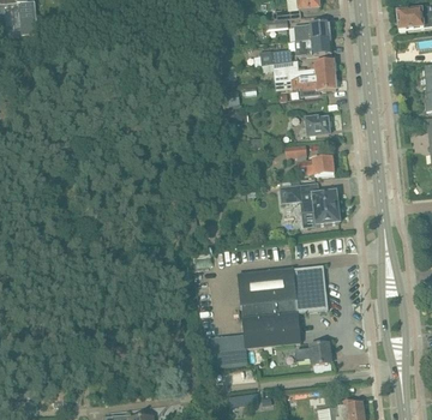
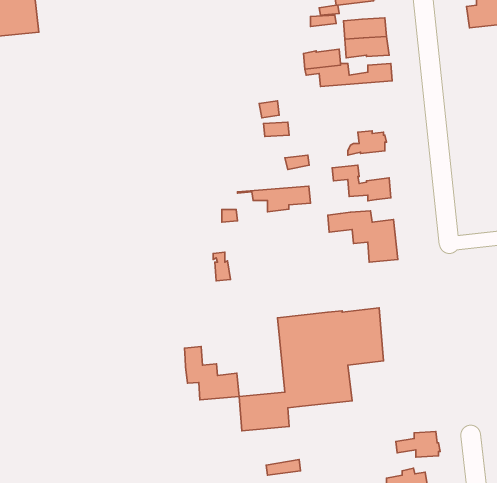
building: [274,74,335,96] -> [237,186,310,212]
building: none -> [184,347,239,400]
building: [294,343,331,365] -> [396,431,440,457]

